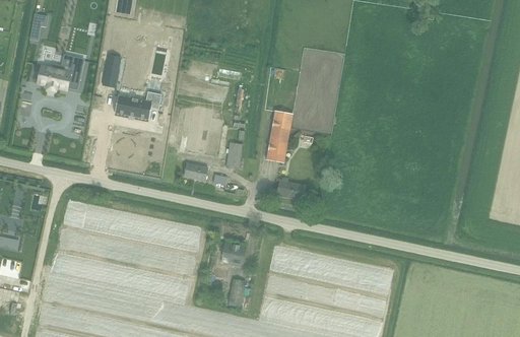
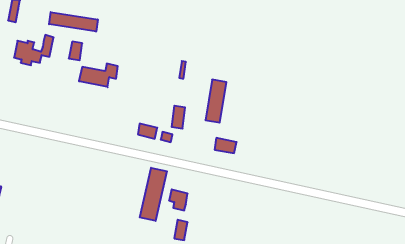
building: none -> [49,12,98,32]
building: none -> [140,168,167,221]

